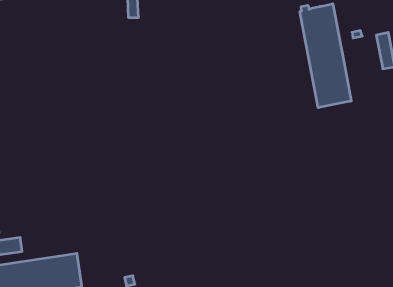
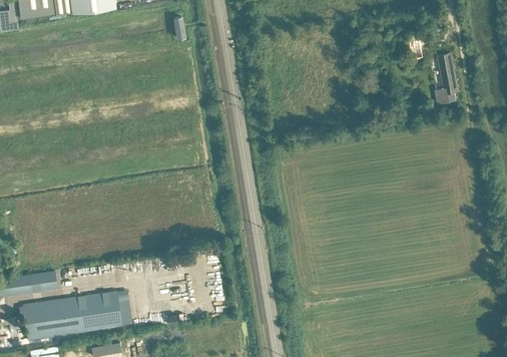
building: [300,4,351,108] -> none

